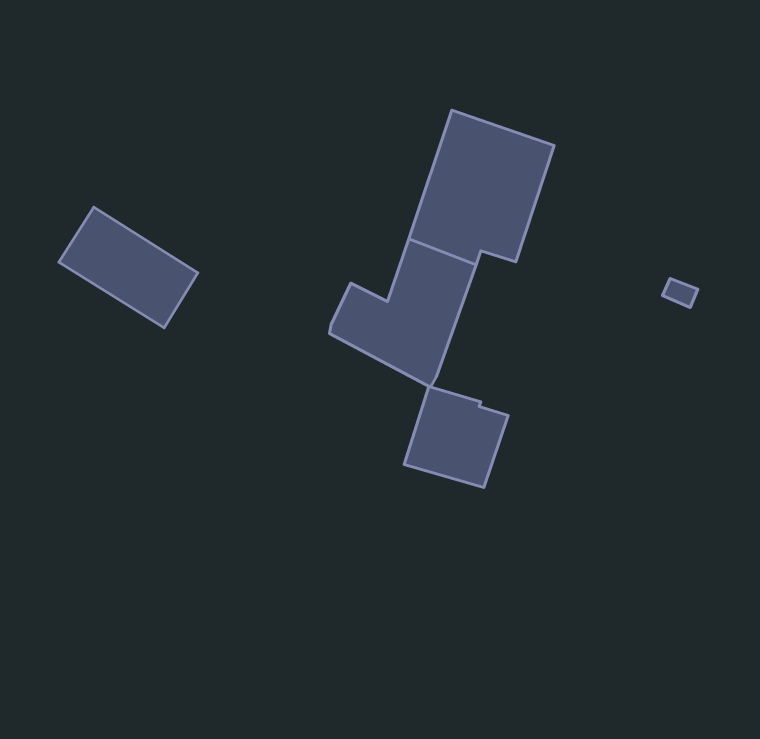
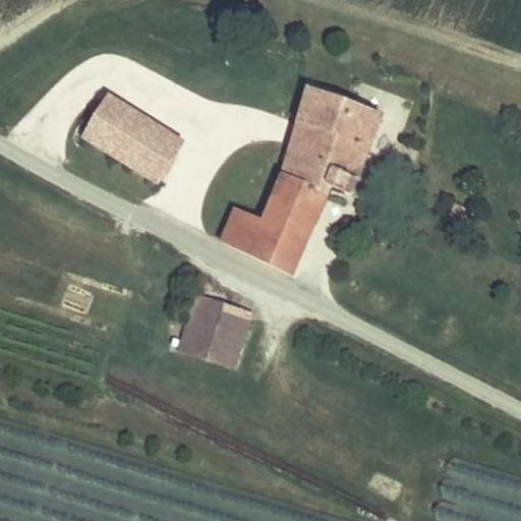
building: [59,207,198,328] -> [88,96,180,176]
building: [404,387,508,488] -> [181,295,250,362]

